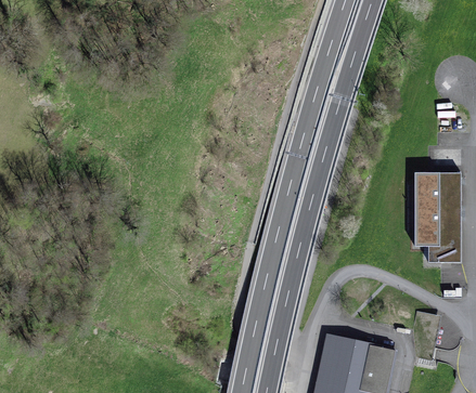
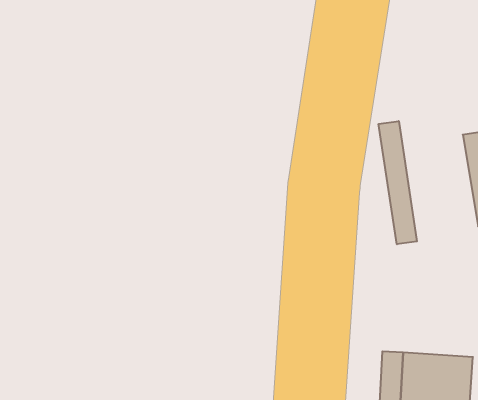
building: none -> [379,121,417,244]

